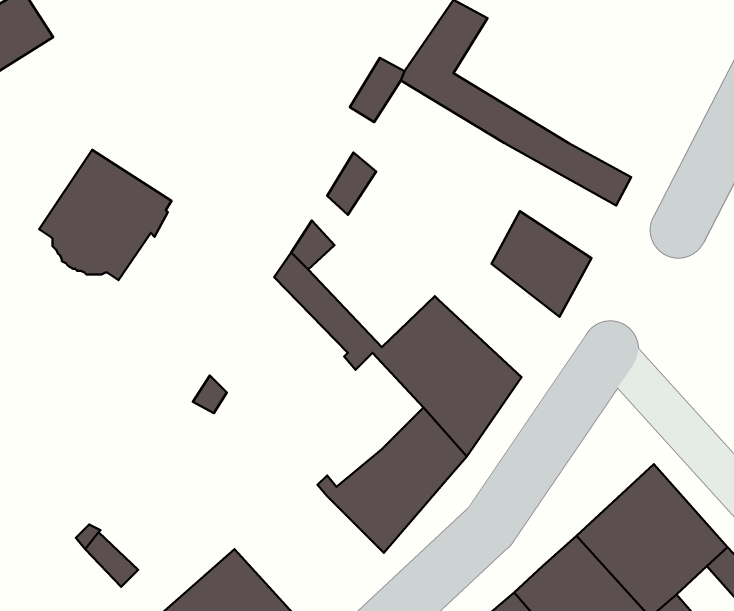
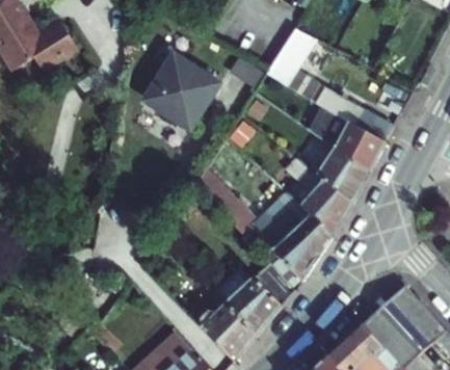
building: none -> [310,108,386,171]
building: [39,150,171,280] -> [144,56,217,128]
building: none -> [287,168,353,237]
building: none -> [200,302,257,361]

